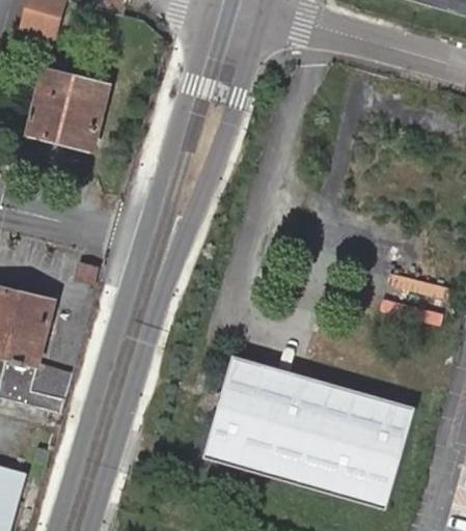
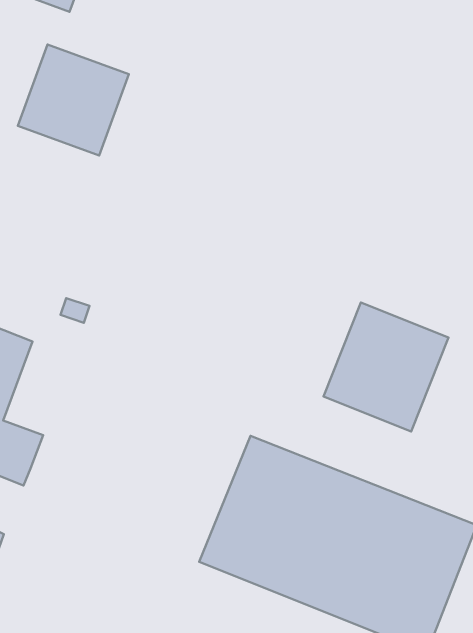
building: none -> [323,302,449,432]

